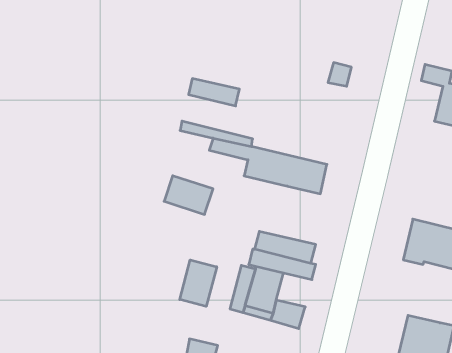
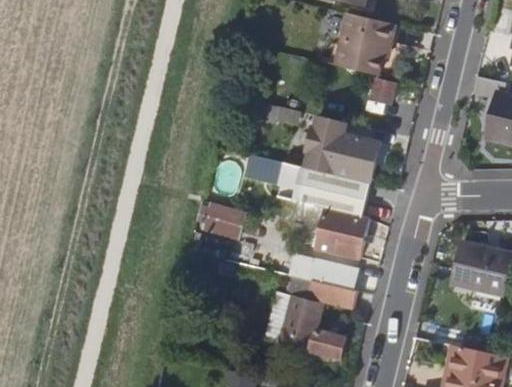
building: none -> [335,15,395,75]
building: none -> [314,129,378,181]
building: none -> [317,208,368,258]
building: [180,260,217,306] -> none

